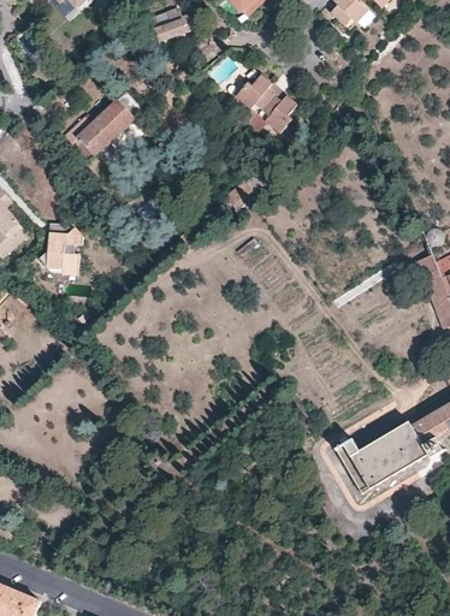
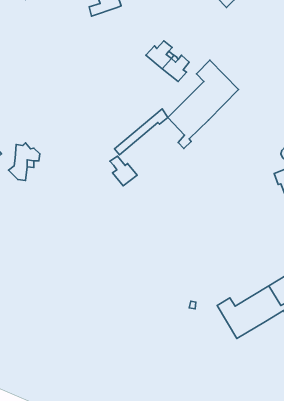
building: [64,91,143,154] -> none
building: none -> [168,60,238,149]
building: none -> [110,156,137,186]

